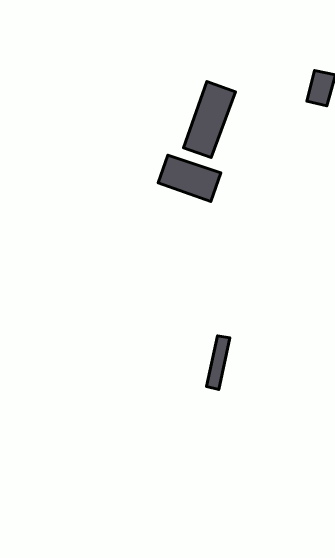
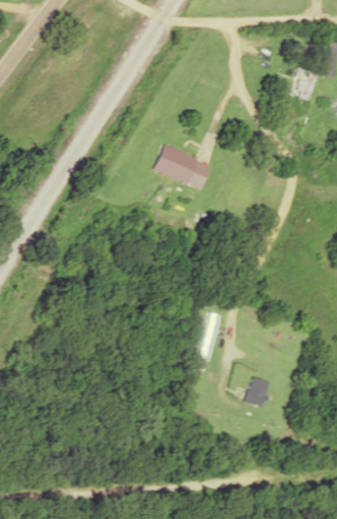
building: [183,82,236,158] -> none
building: none -> [247,378,267,405]

